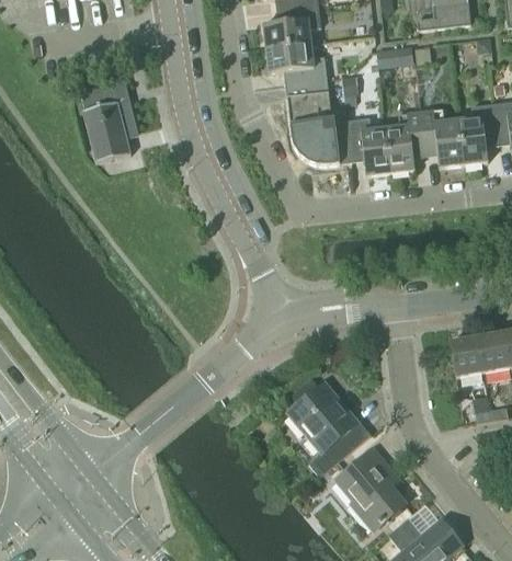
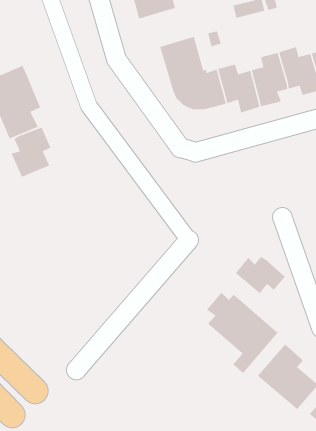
building: [266,43,328,83] -> none
building: none -> [11,126,51,178]
building: none -> [235,256,286,294]

